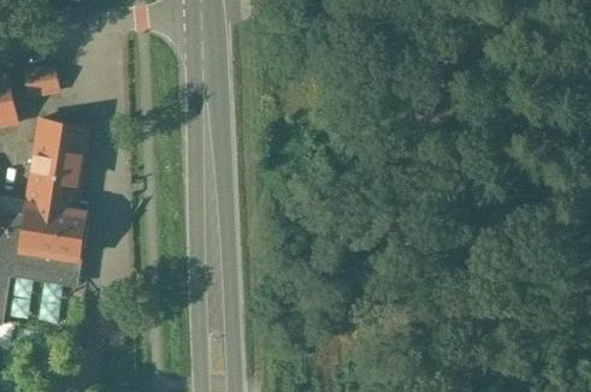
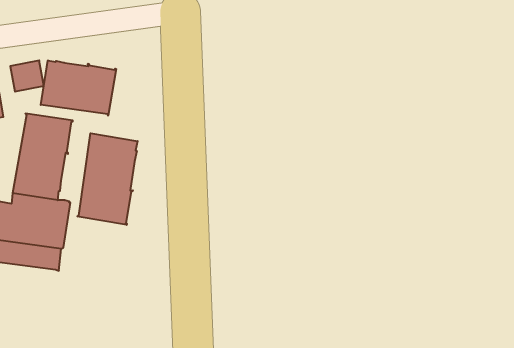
building: none -> [41,60,116,116]
building: none -> [77,133,138,225]

